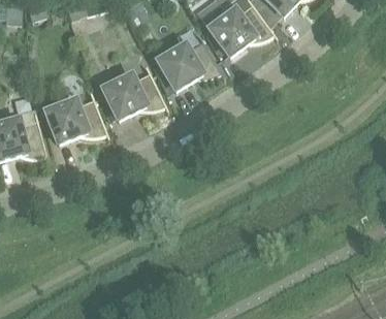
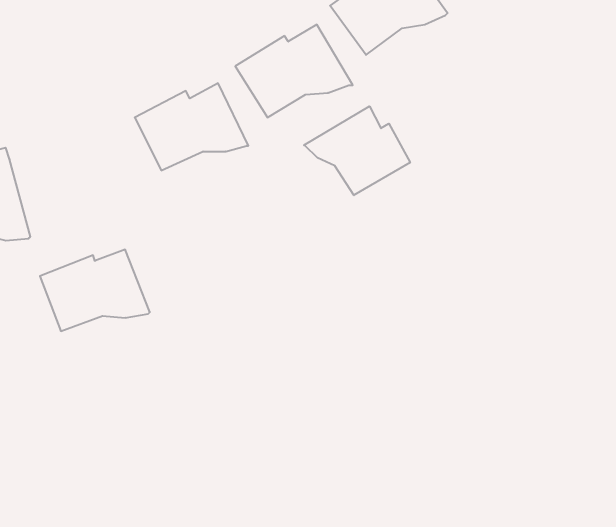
building: none -> [304,106,410,195]
building: [45,99,105,143] -> [40,250,150,331]

